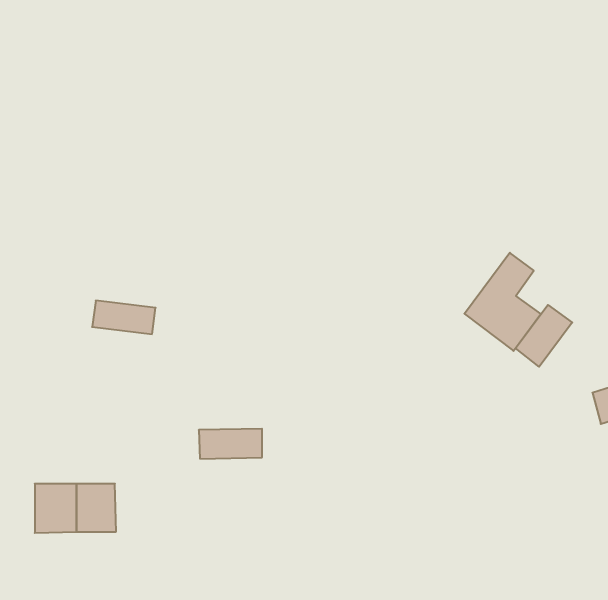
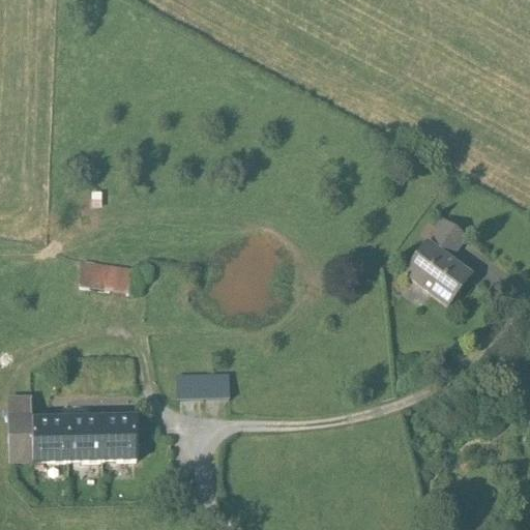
building: [515,305,572,367] -> none
building: none -> [9,392,33,461]
building: none -> [102,417,138,460]

